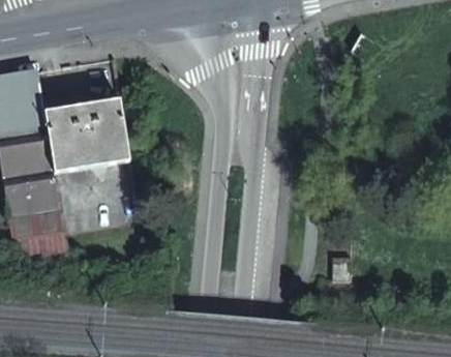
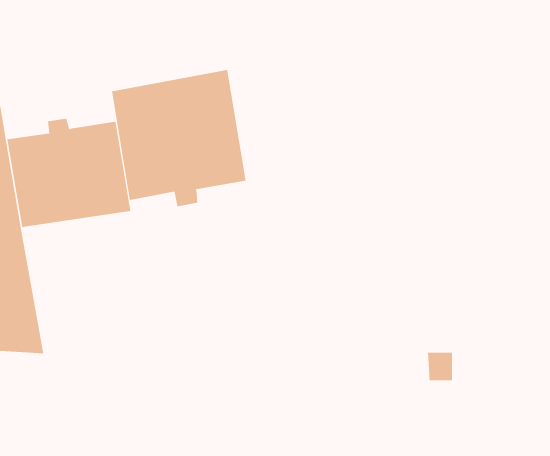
building: none -> [111,69,246,207]

